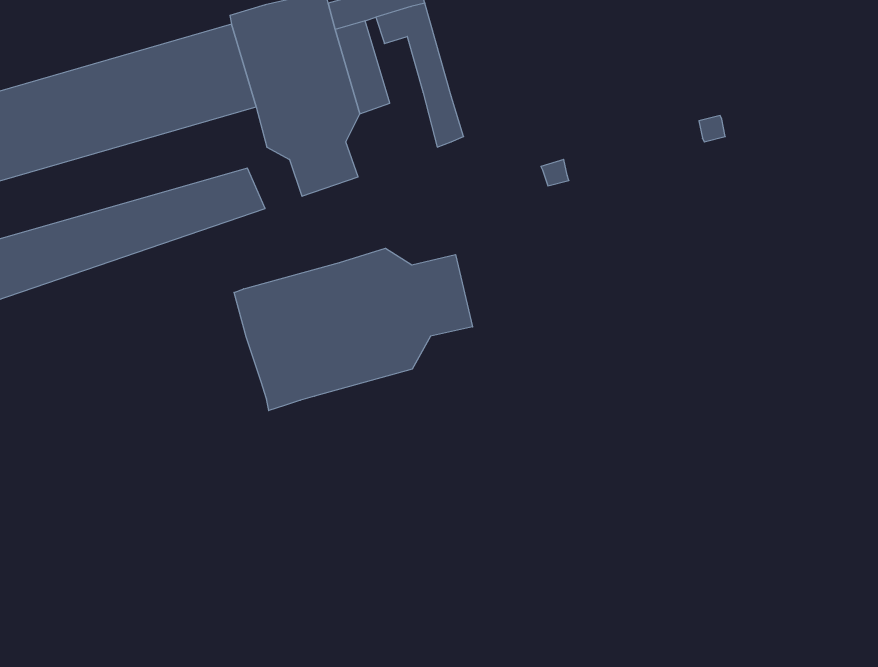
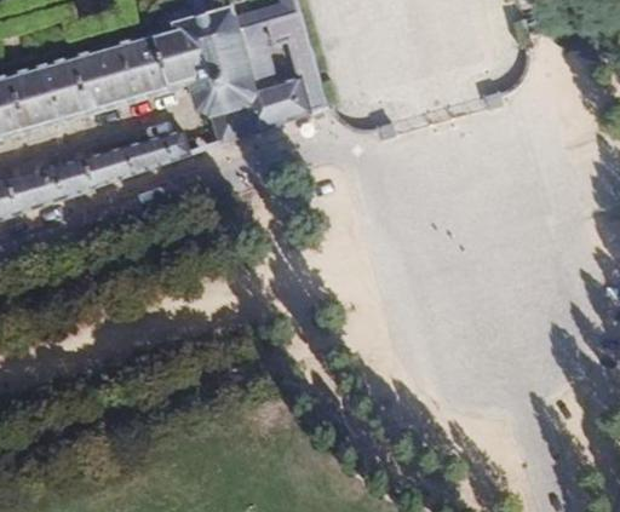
building: none -> [246,76,309,134]
building: [234,248,473,411] -> none

